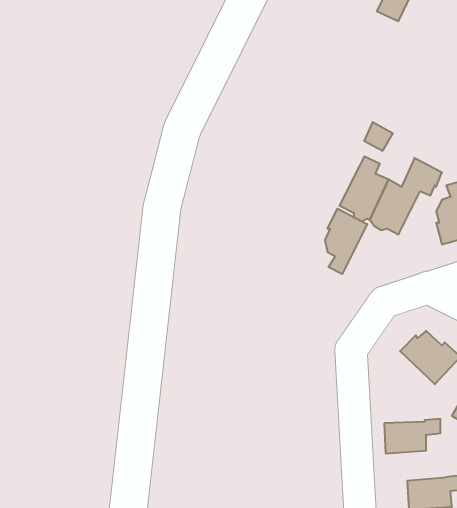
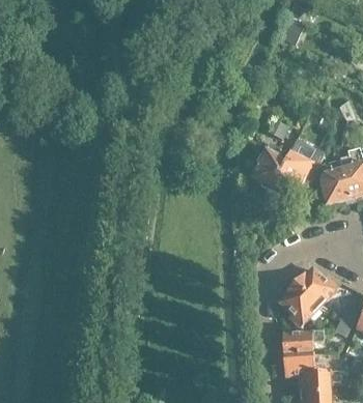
building: [325,209,367,274] -> none
building: none -> [280,282,319,325]
building: none -> [284,353,326,376]

